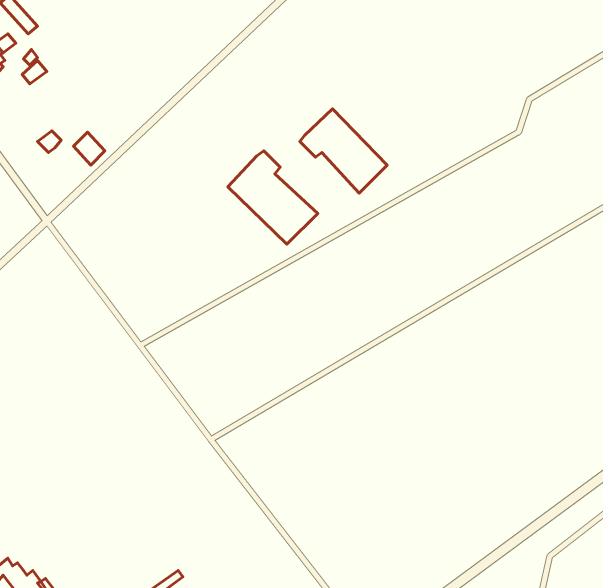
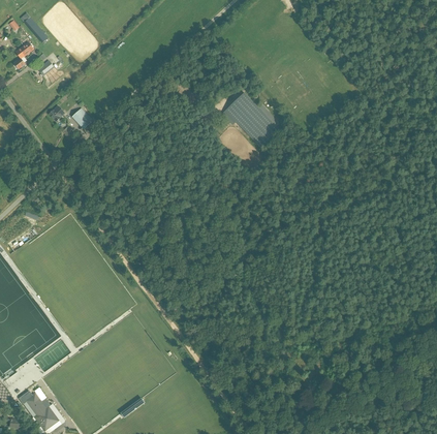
building: [228,151,318,244] -> none

